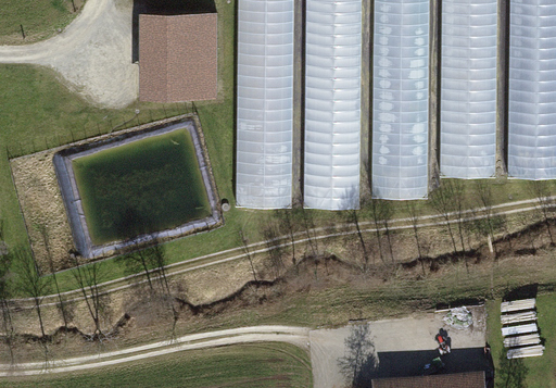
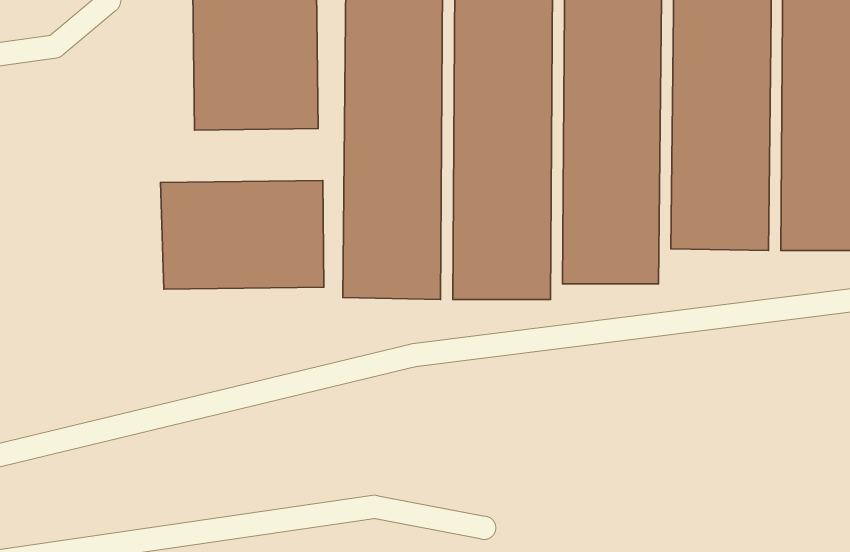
building: none -> [161,180,324,289]

